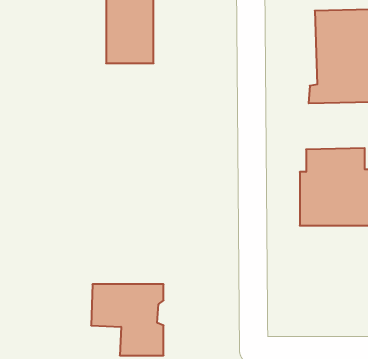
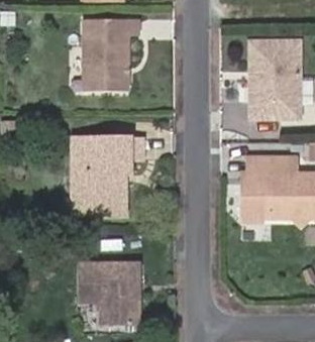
building: none -> [73,138,139,212]

